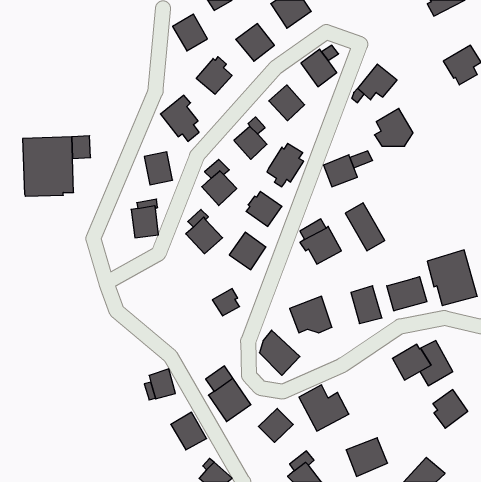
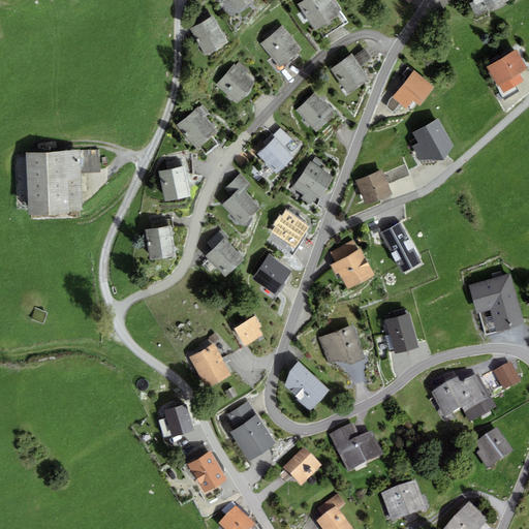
building: [387,277,427,311] -> none
building: none -> [188,344,230,390]
building: none -> [493,362,520,390]

